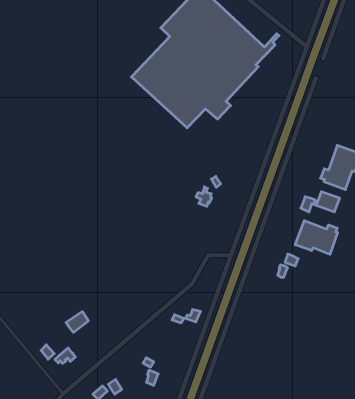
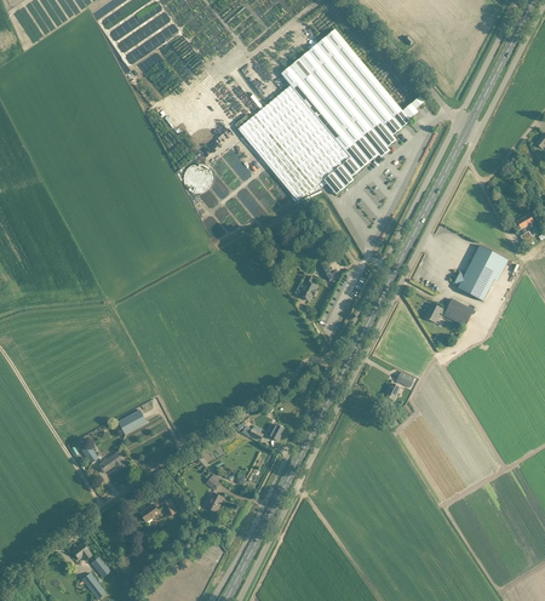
building: [295,221,338,254] -> none

